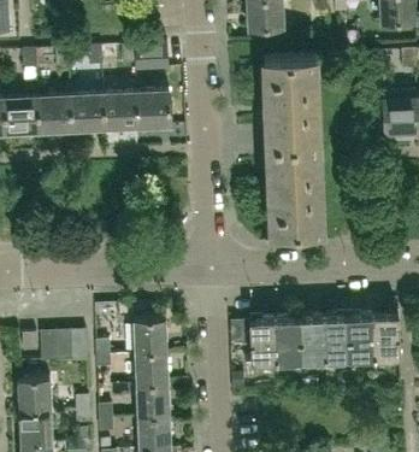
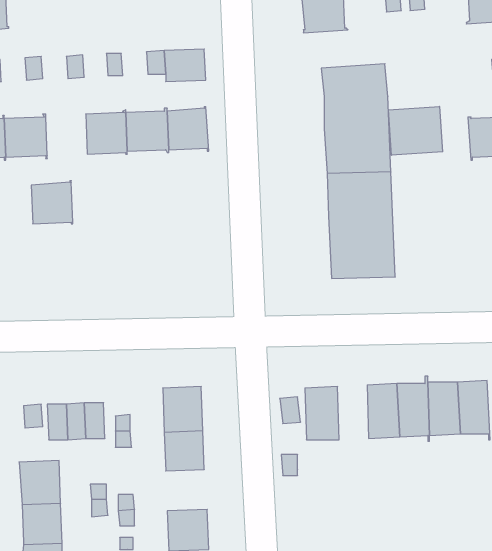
building: none -> [388,106,443,155]
building: [39,94,72,129] -> [31,181,73,224]
building: [276,311,301,364] -> none
building: [136,385,170,418] -> none

